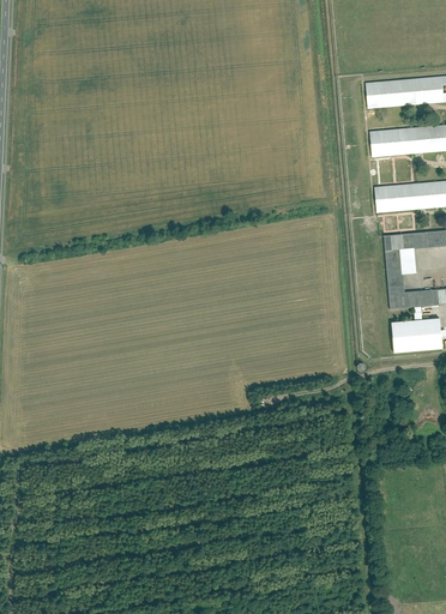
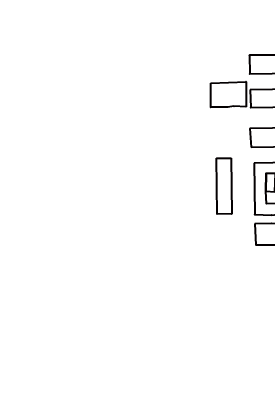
building: none -> [211,82,246,107]
building: none -> [217,158,232,214]

